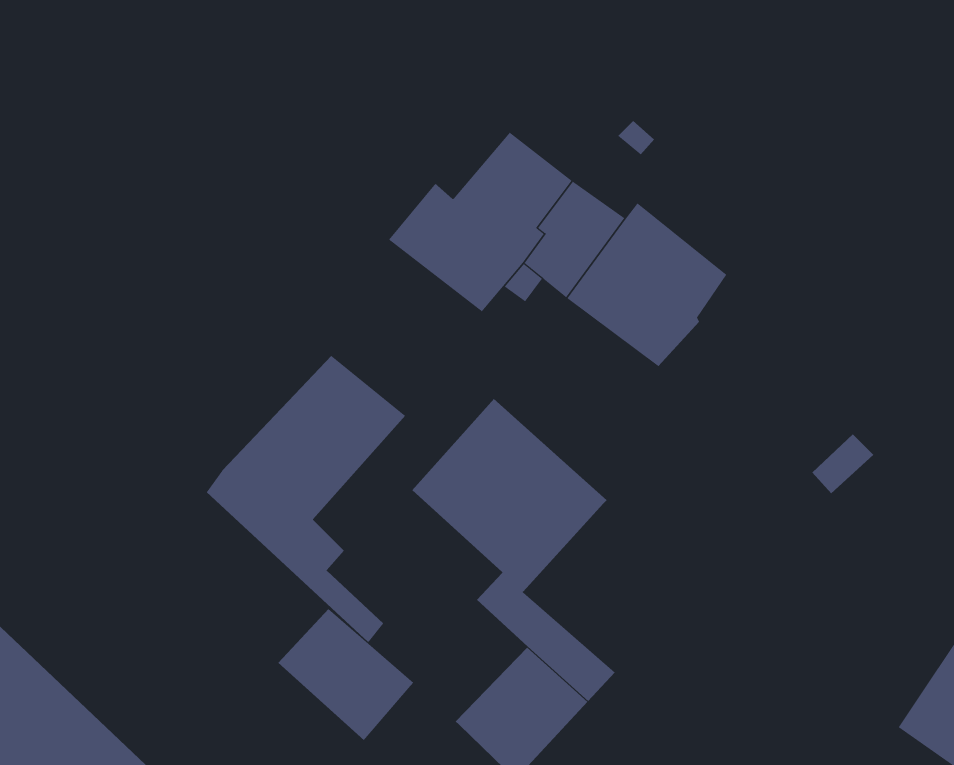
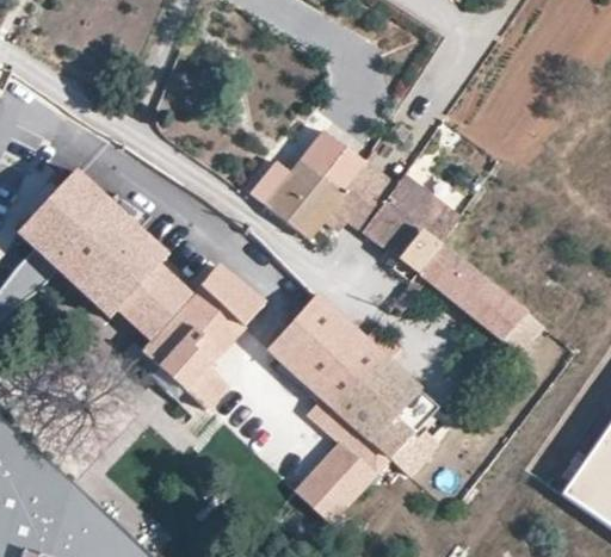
building: none -> [23,168,195,336]
building: none -> [391,246,526,340]
building: none -> [334,357,443,466]
building: [278,608,414,741] -> none

